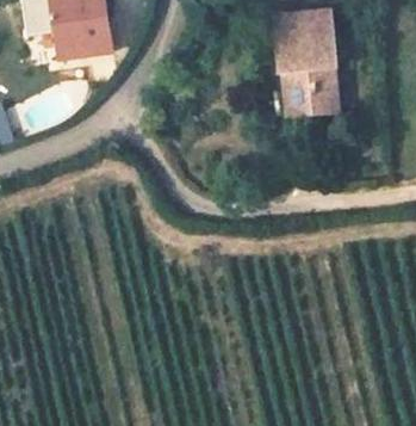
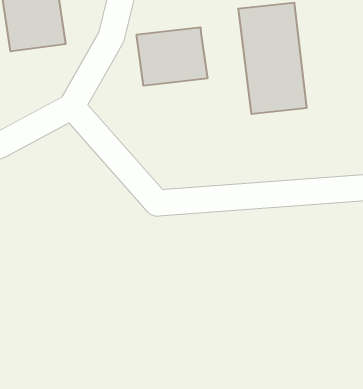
building: none -> [137,27,207,86]

